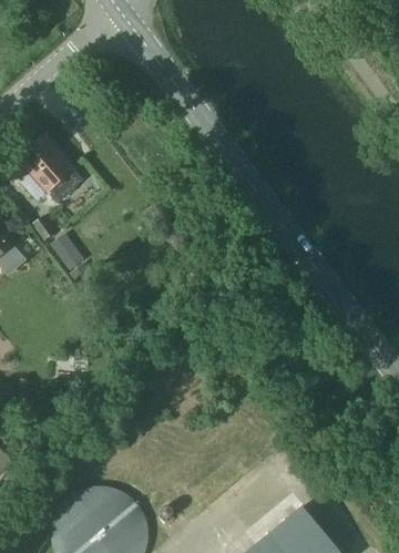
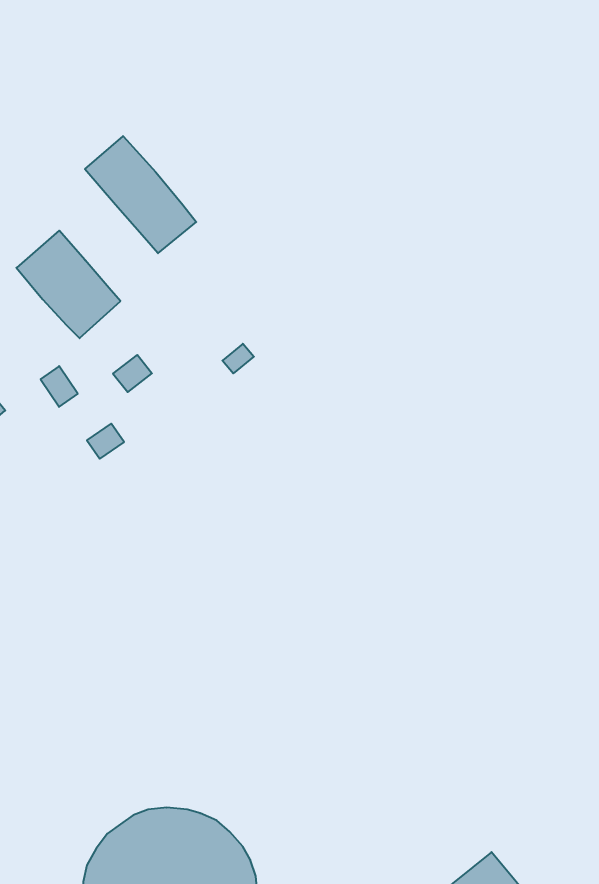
building: none -> [85,136,196,253]

